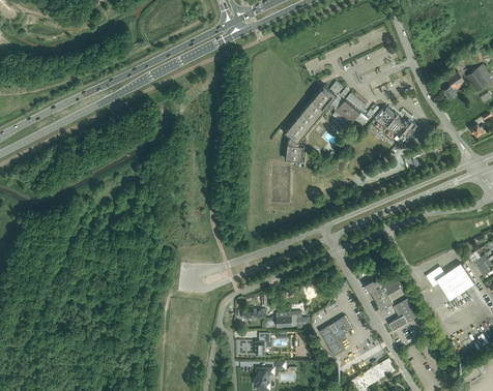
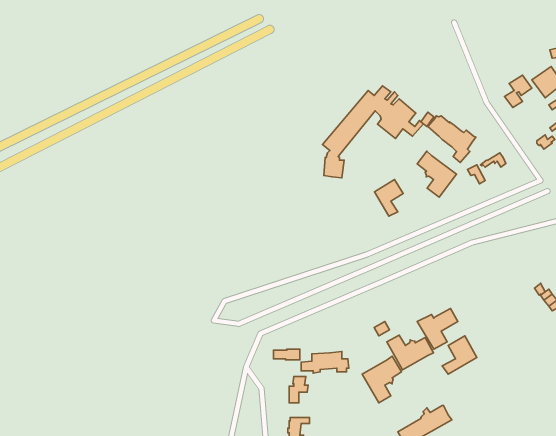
building: none -> [417,151,456,197]
building: none -> [375,179,403,216]
building: [427,264,474,301] -> none
building: none -> [387,335,434,370]

